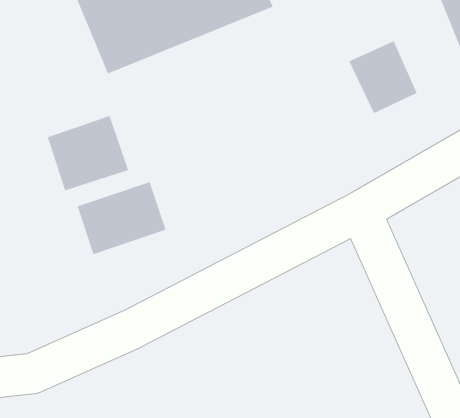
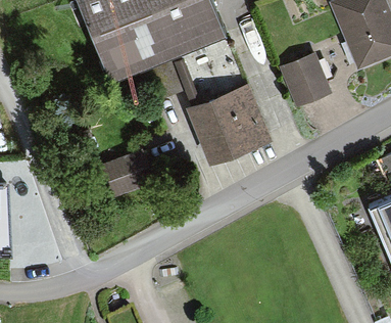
building: none -> [187,81,272,163]
building: [47,115,129,191] -> none

